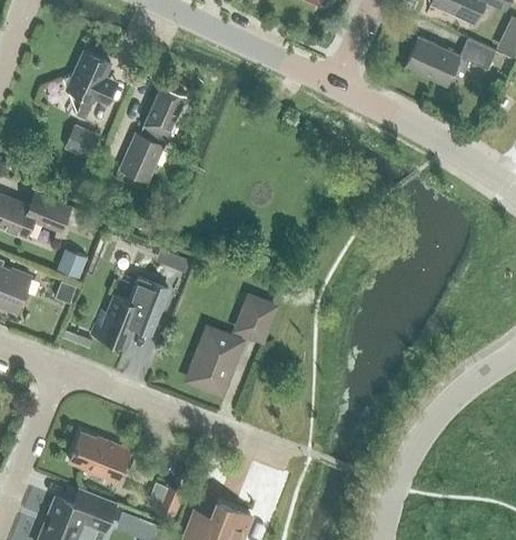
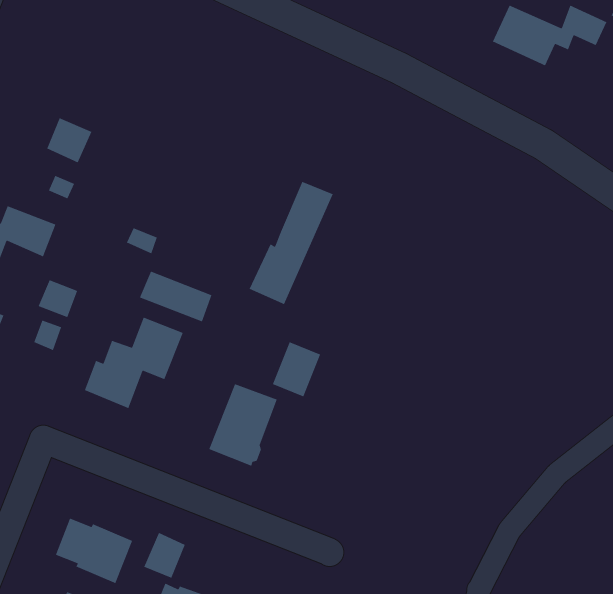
building: [64,51,118,119] -> none
building: [120,86,186,181] -> [248,181,334,305]
building: none -> [143,532,186,579]

